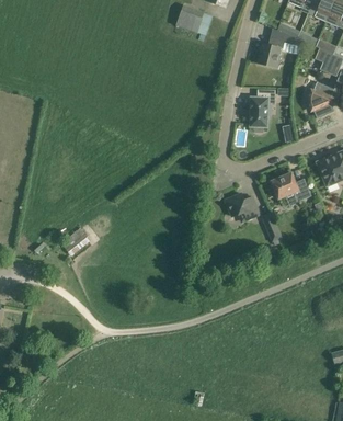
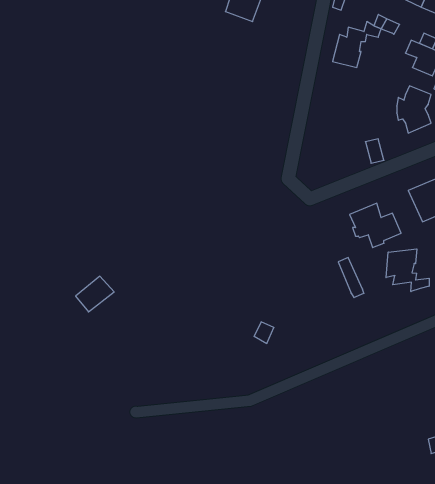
building: [250,90,275,133] -> none
building: [225,193,260,221] -> none
building: none -> [386,249,429,292]

